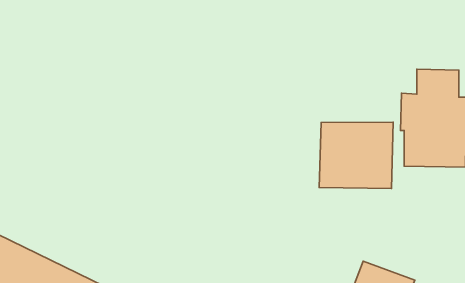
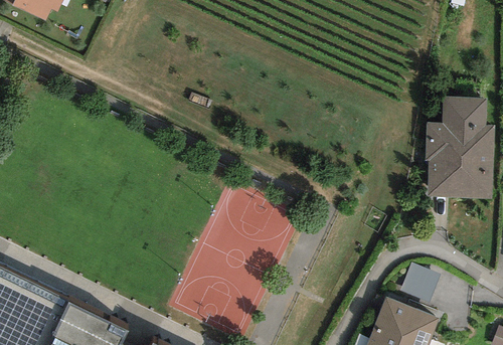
building: [319,122,393,189] -> none
building: none -> [402,257,441,297]

